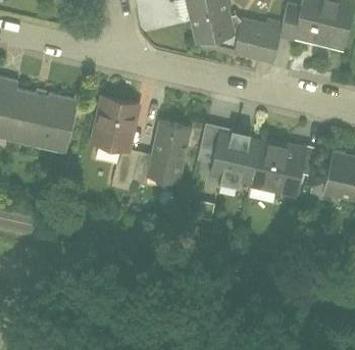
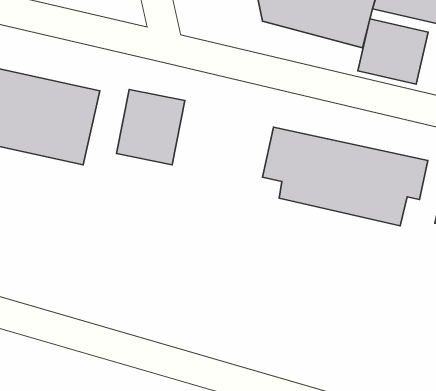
building: none -> [358,19,428,84]
building: [145,118,193,186] -> none

